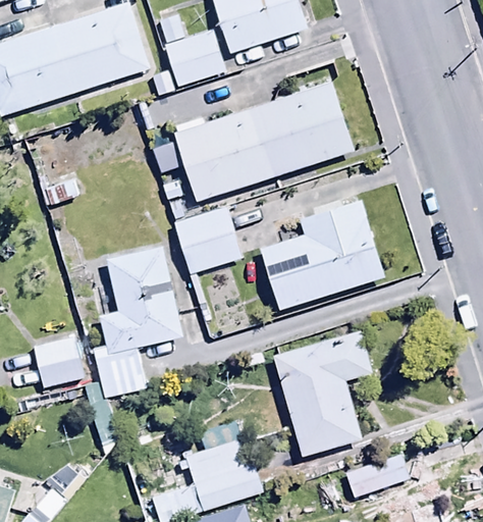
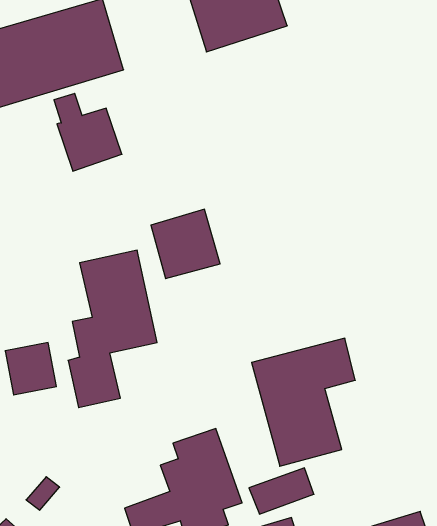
building: [159,13,225,89] -> [54,93,122,171]
building: [171,83,354,201] -> none
building: [261,199,385,309] -> none
building: [344,453,408,498] -> [249,468,314,514]

